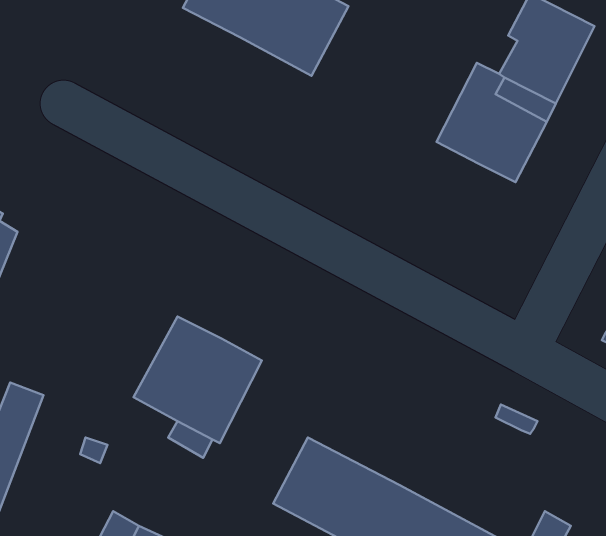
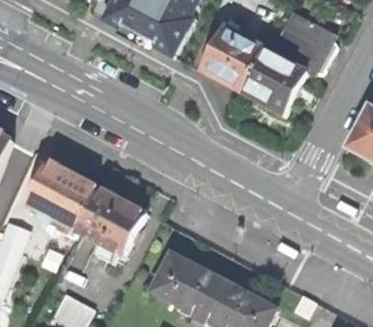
building: none -> [201,24,265,90]
building: none -> [26,158,100,230]

